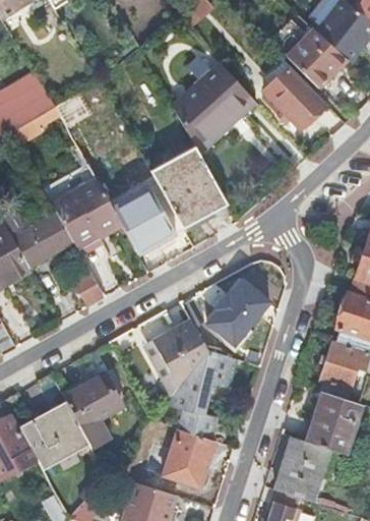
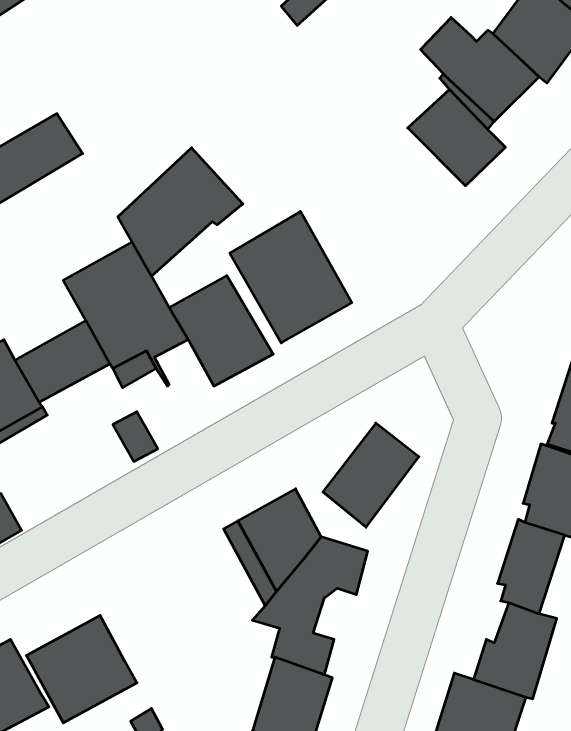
building: [172,62,251,143] -> [118,148,243,276]
building: [63,372,123,428] -> none

